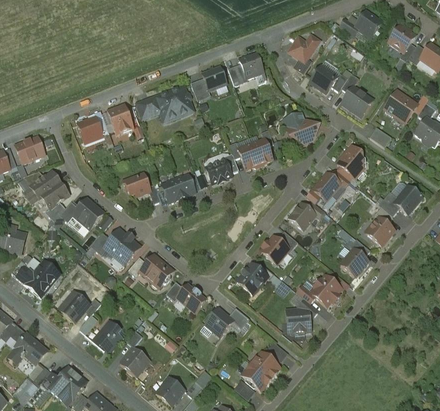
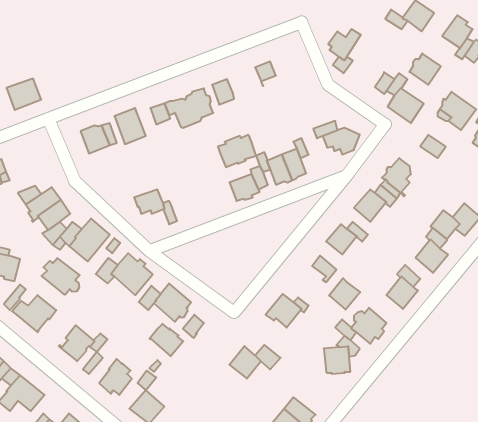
building: [240,54,264,79] -> none
building: [310,66,337,93] -> [409,53,441,85]
building: [202,67,227,91] -> none
building: [15,137,45,164] -> [6,79,41,110]
building: [162,175,195,203] -> [218,135,256,167]
building: none -> [42,258,80,295]
building: [262,237,289,264] -> [329,278,360,310]
building: [177,285,206,313] -> [150,324,183,356]

